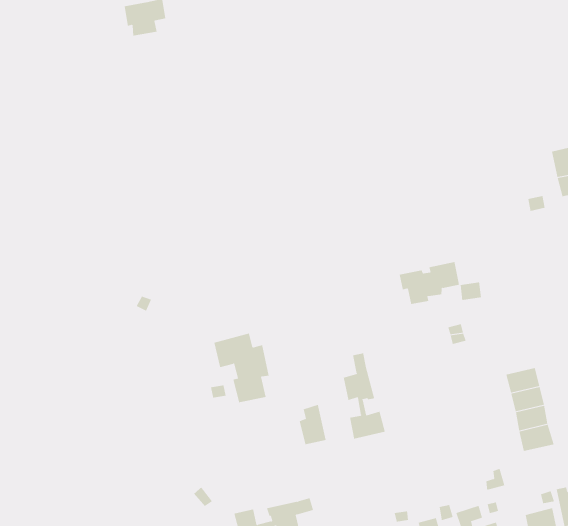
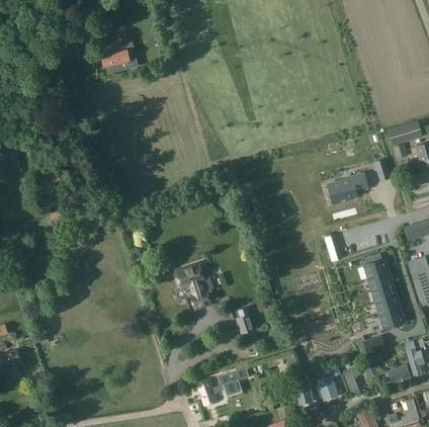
building: [399,262,460,305] -> [327,173,367,203]
building: none -> [364,254,388,278]
building: [343,353,385,439] -> none

